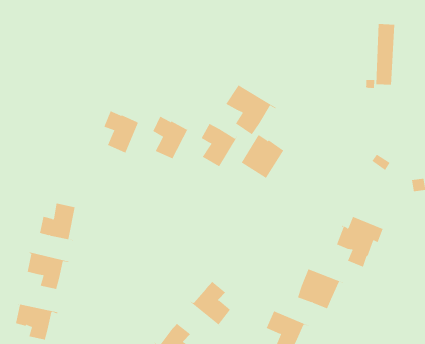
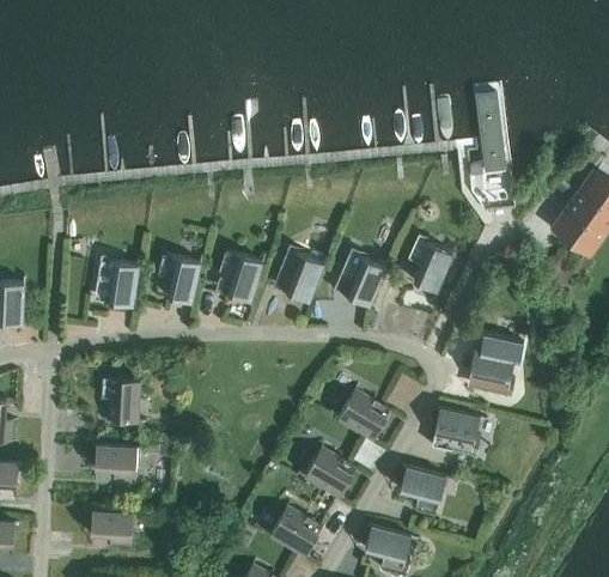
building: [226,83,277,135] -> none
building: none -> [97,260,140,311]
building: none -> [408,239,455,296]
building: none -> [331,385,386,441]

